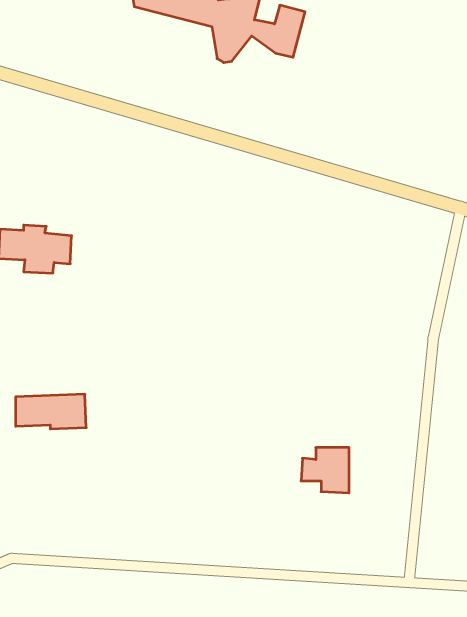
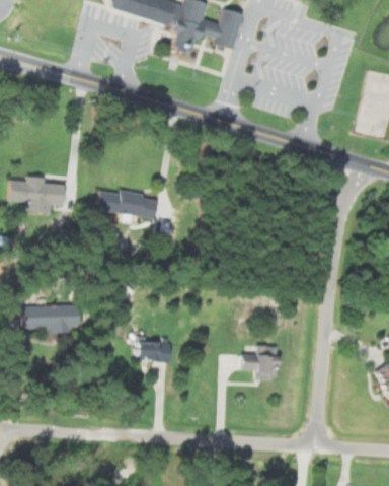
building: none -> [97,191,158,217]
building: none -> [136,342,173,361]

